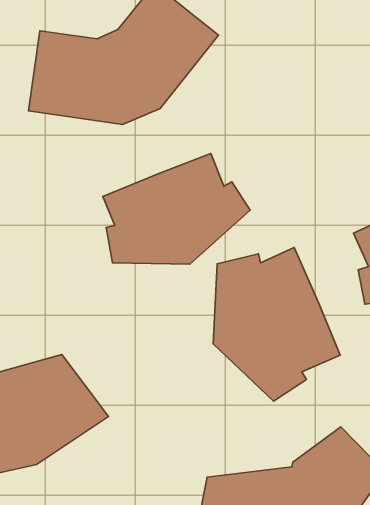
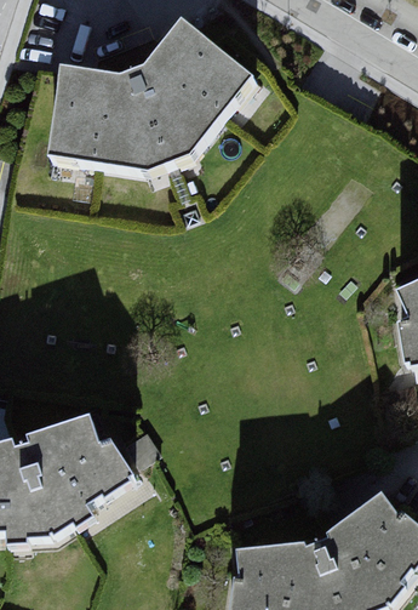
building: [103,153,250,264] -> none
building: [213,247,340,401] -> none

